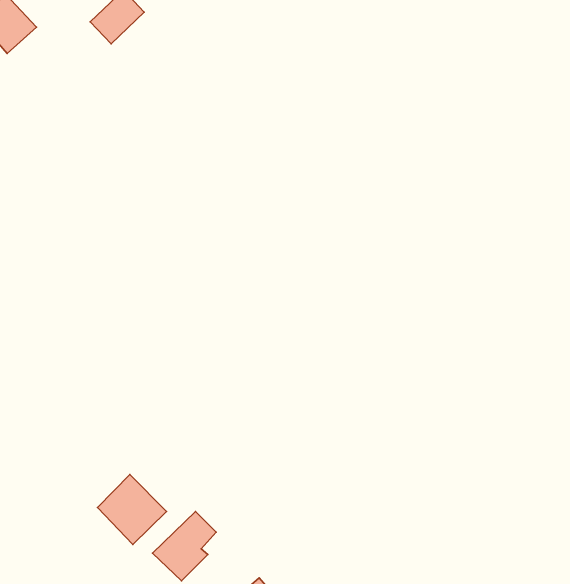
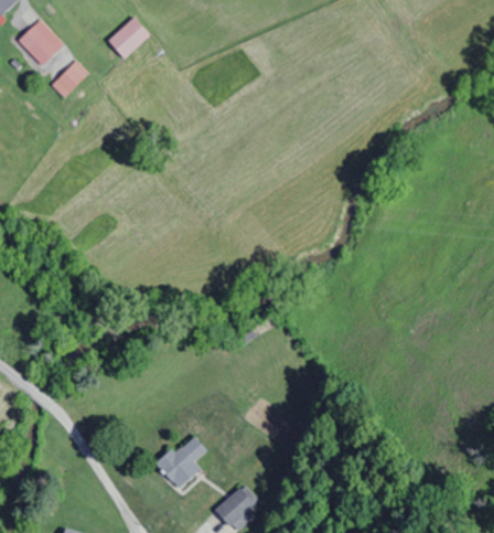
building: none -> [51,61,88,98]
building: [98,475,167,544] -> none

